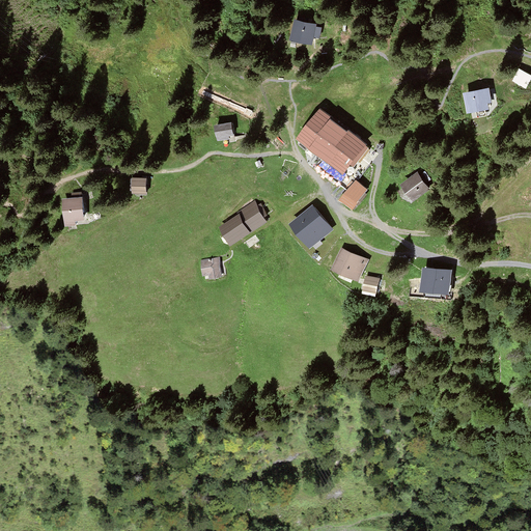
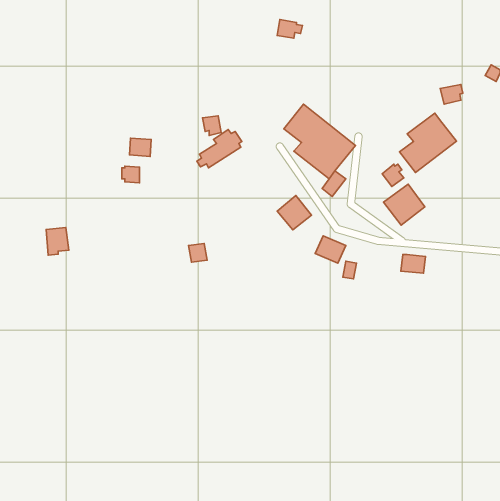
building: none -> [400,113,456,173]
building: none -> [129,138,151,156]
building: none -> [384,184,425,225]
building: [62,195,86,224] -> [46,228,69,255]
building: [218,201,266,242] -> [197,130,242,168]

